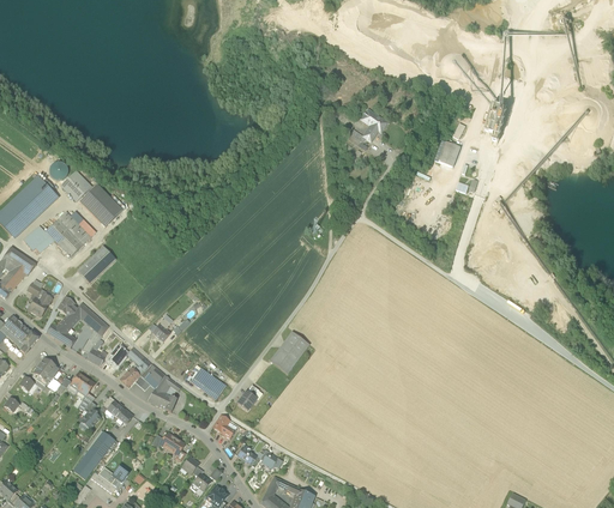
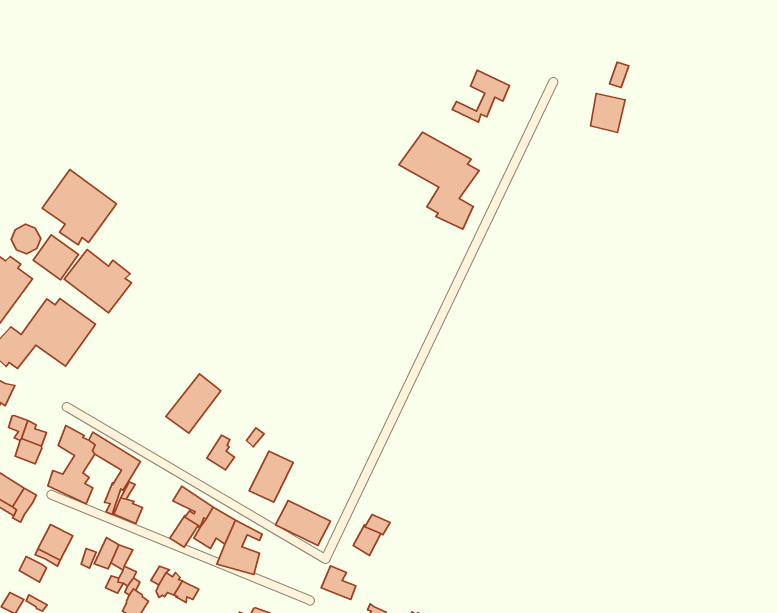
building: none -> [42,169,116,245]
building: none -> [399,132,479,229]
building: [77,246,115,283] -> [166,374,221,433]
building: [270,331,308,373] -> none
building: none -> [249,451,293,502]

